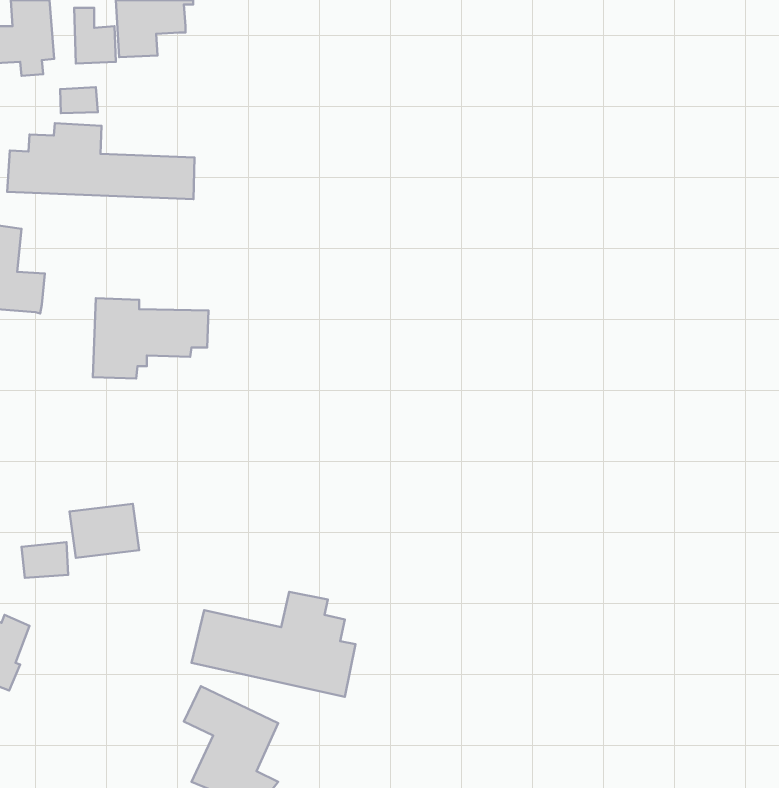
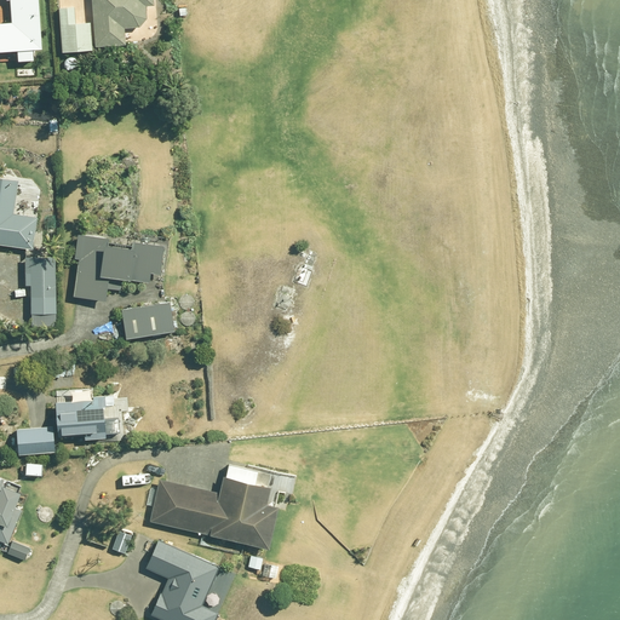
building: [60,87,98,113] -> none
building: [7,123,194,199] -> none
building: none -> [25,256,54,314]
building: none -> [120,302,174,338]

